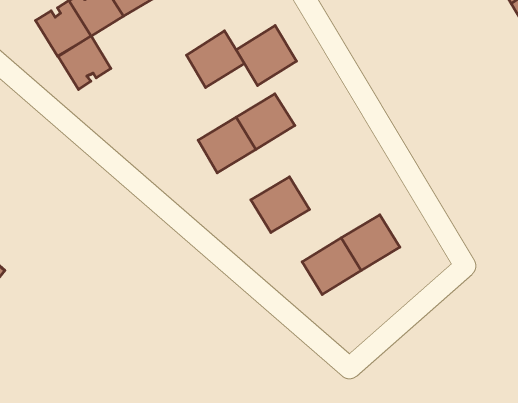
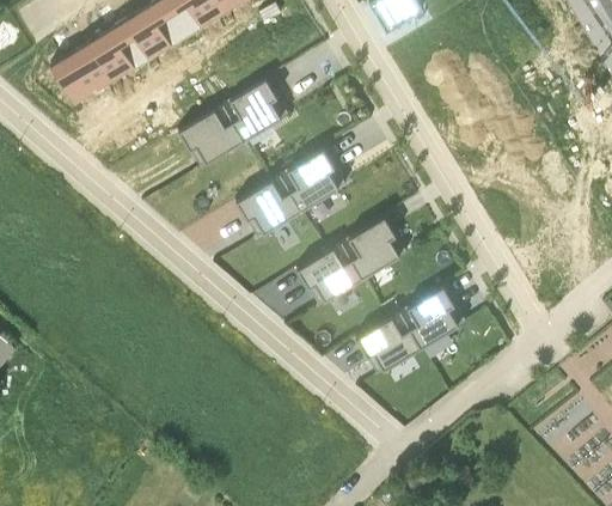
building: [236,26,297,85] -> none
building: [58,36,111,89] -> none
building: none -> [180,100,246,164]
building: none -> [342,213,409,276]

